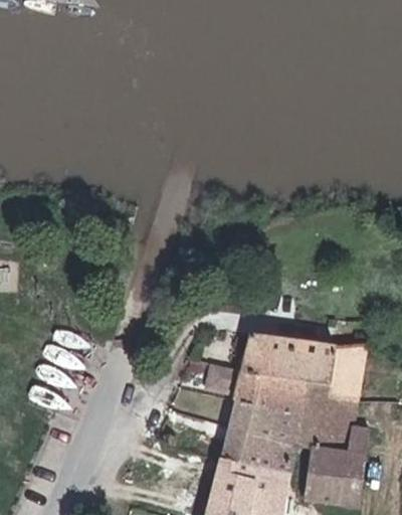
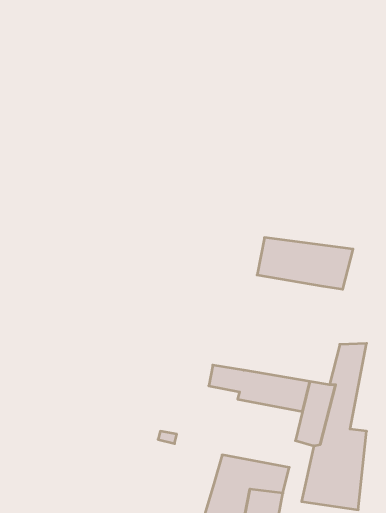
building: [245,335,339,385] -> [257,238,353,289]
building: [224,399,303,466] -> none

